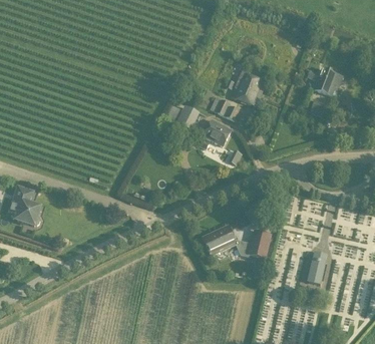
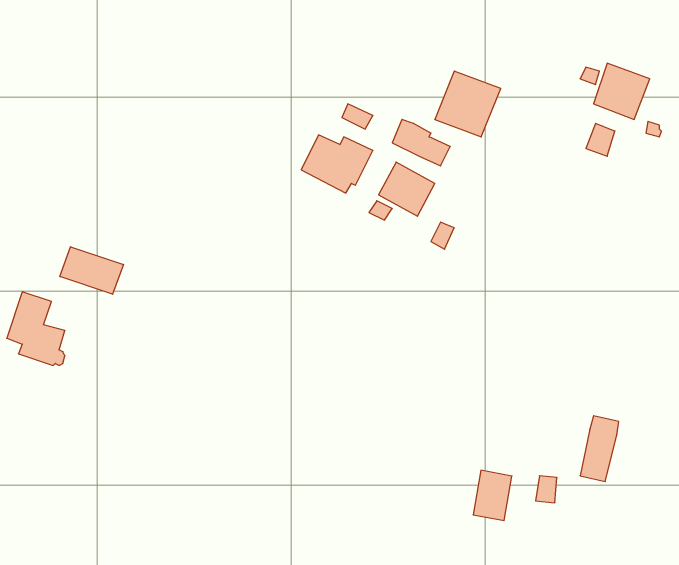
building: none -> [60,247,123,294]
building: [244,224,264,250] -> [473,470,512,521]
building: [202,225,236,254] -> none

